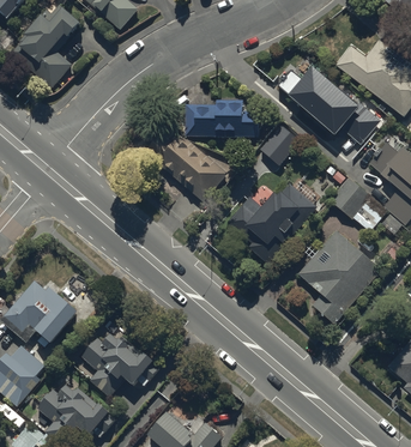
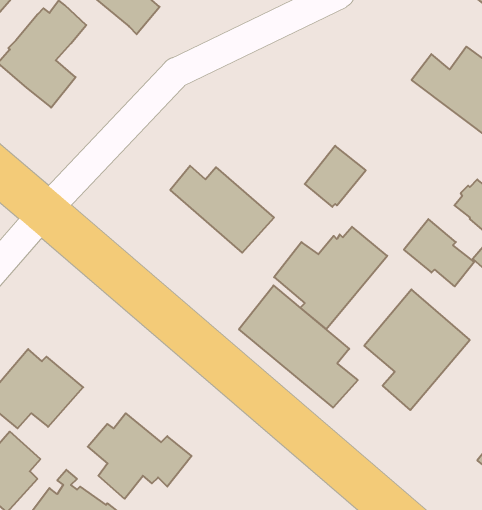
building: [278,70,381,145] -> none
building: [186,101,259,138] -> none
building: none -> [239,285,358,408]

